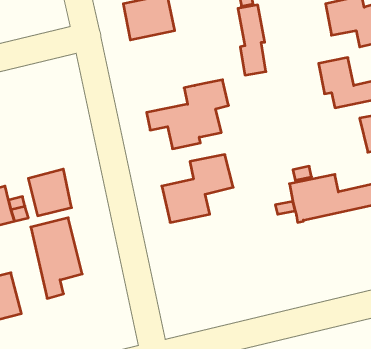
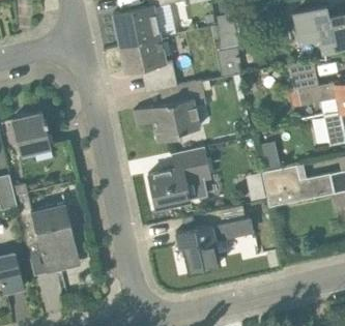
building: none -> [119,38,176,94]
building: [28,169,72,216] -> [11,113,50,154]
building: none -> [175,206,258,270]

